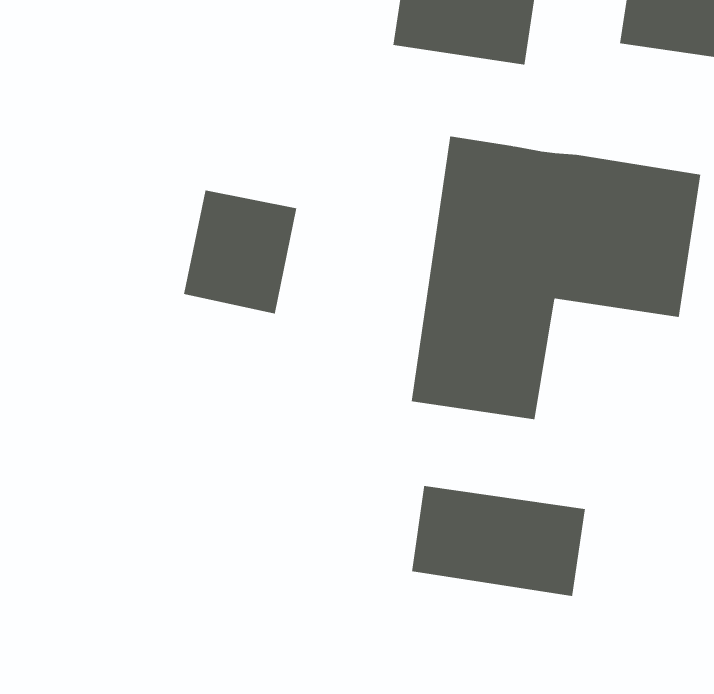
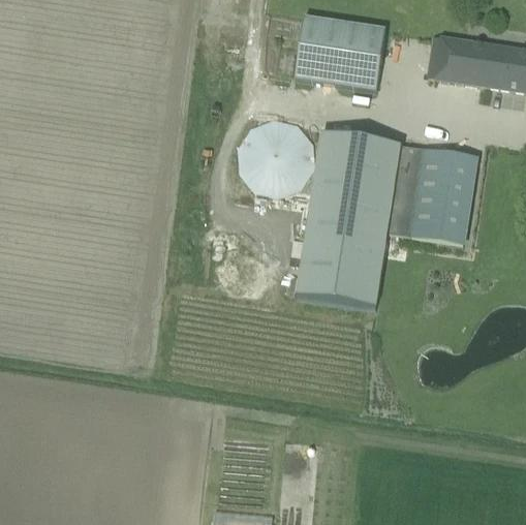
building: [183,190,297,314] -> [244,118,314,194]
building: [411,485,586,597] -> none

